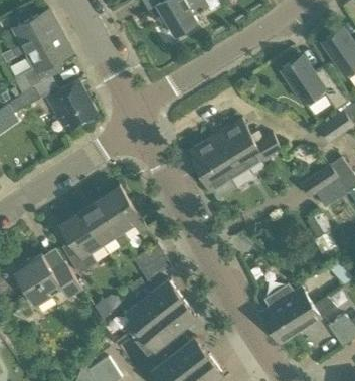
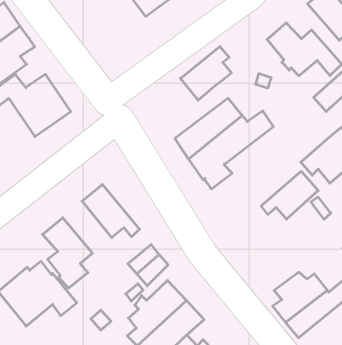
building: none -> [180,46,231,100]
building: none -> [261,171,318,219]
building: [78,198,128,248] -> none

